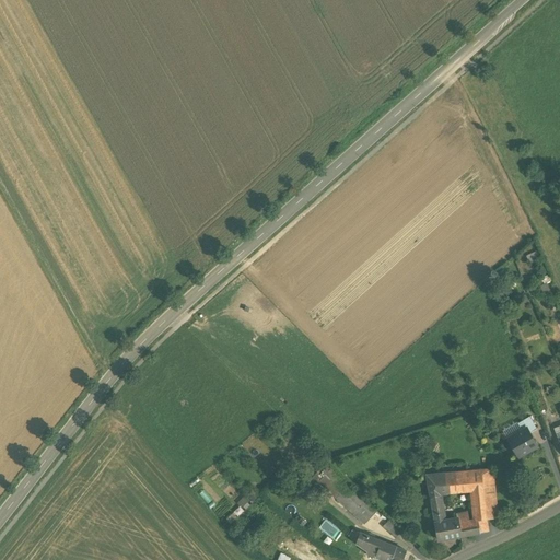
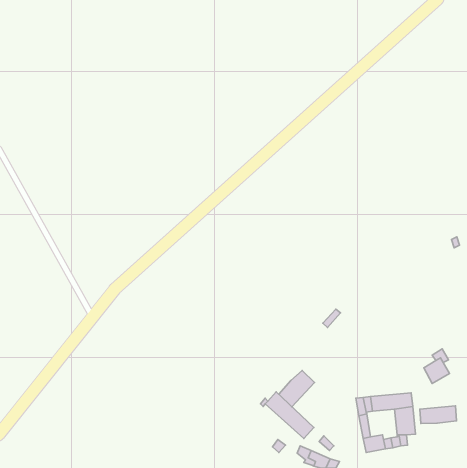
building: none -> [279,370,314,407]
building: none -> [420,406,457,424]

